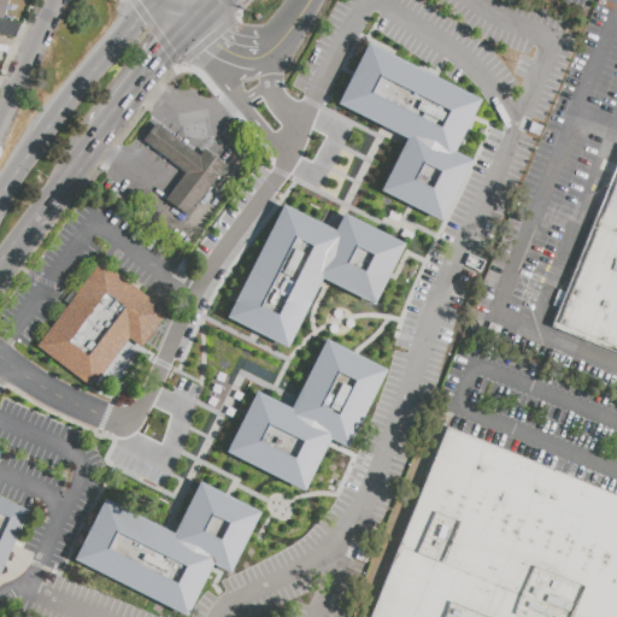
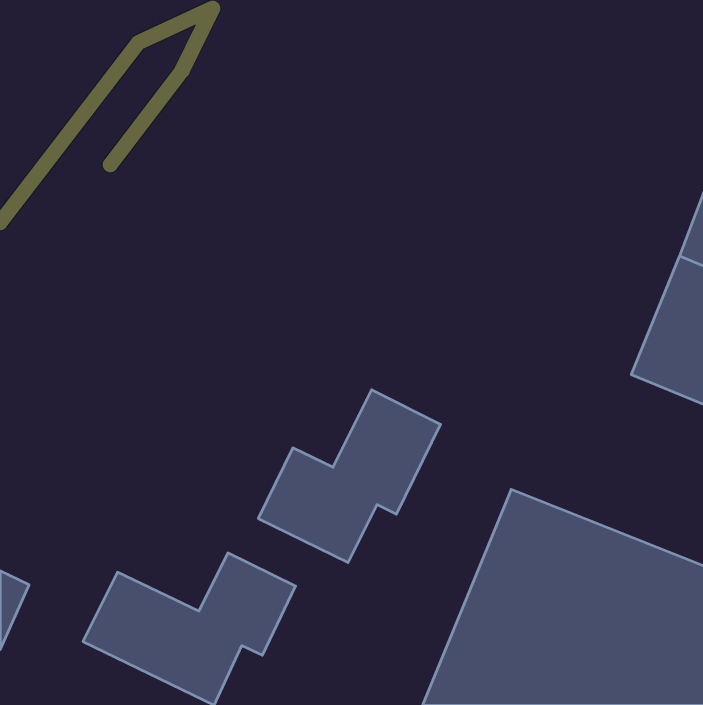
building: [339,43,482,221] -> none
building: [143,122,227,215] -> none
building: [237,204,405,347] -> none
building: [39,262,170,387] -> none

